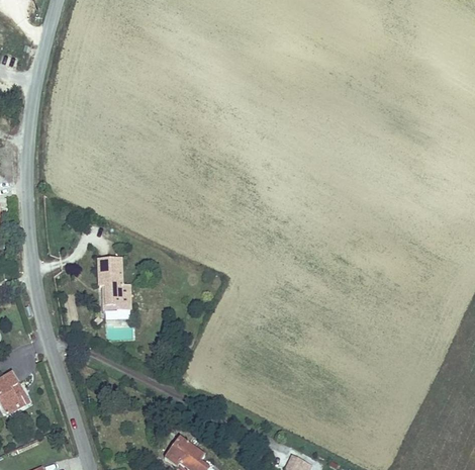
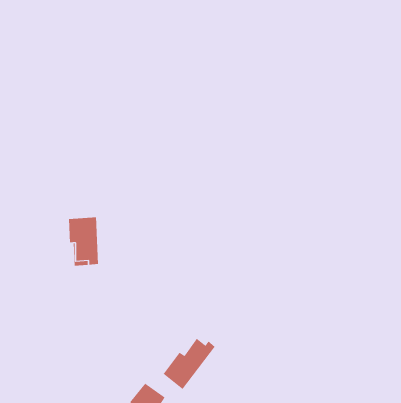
building: none -> [163,338,215,390]

